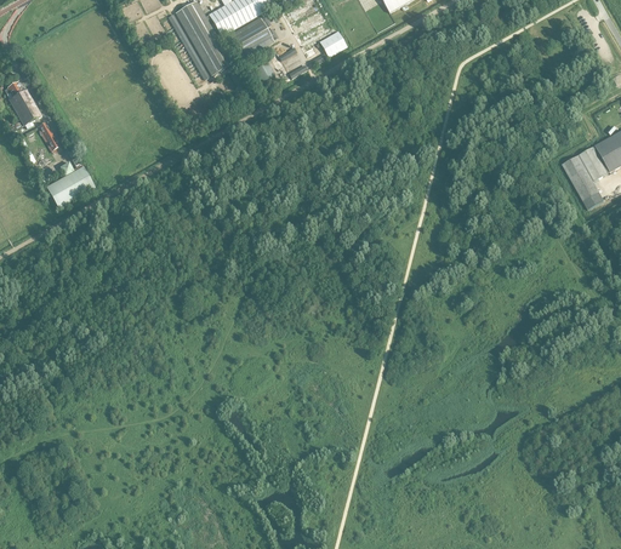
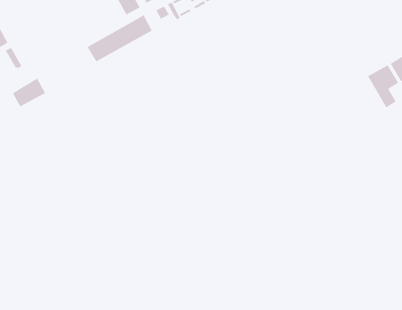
building: none -> [87,15,153,62]

